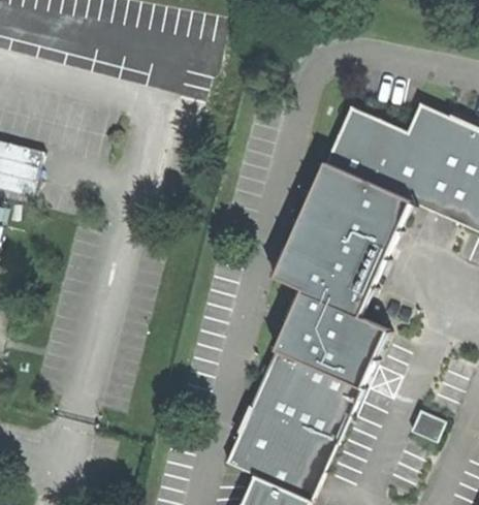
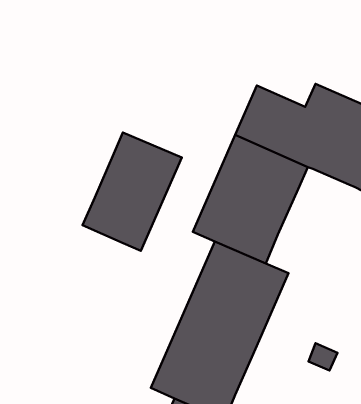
building: none -> [82,132,182,251]

